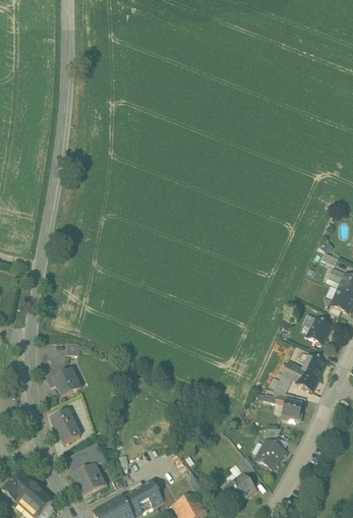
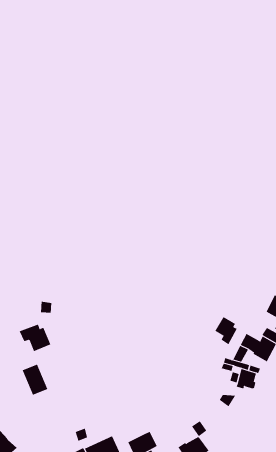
building: none -> [215,316,237,345]
building: [255,441,283,469] -> none
building: [67,444,108,497] -> none

